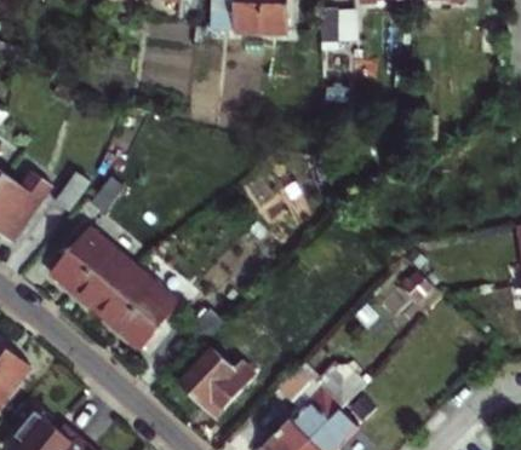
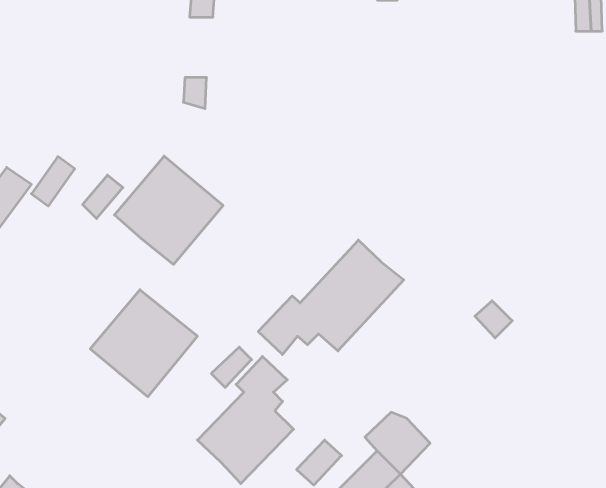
building: none -> [258,240,404,355]
building: [51,226,136,311] -> [114,156,223,264]

